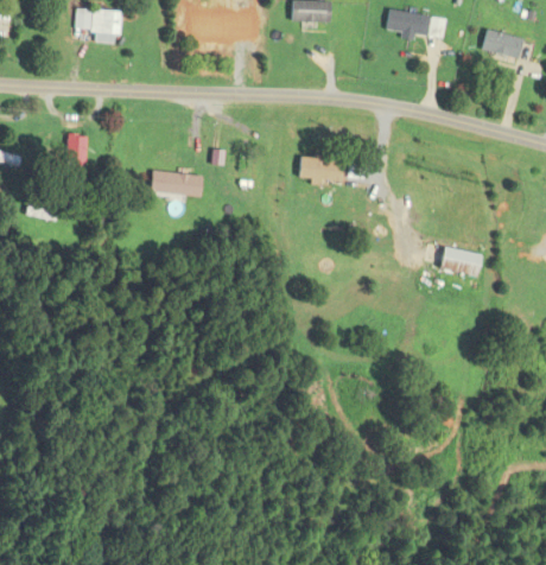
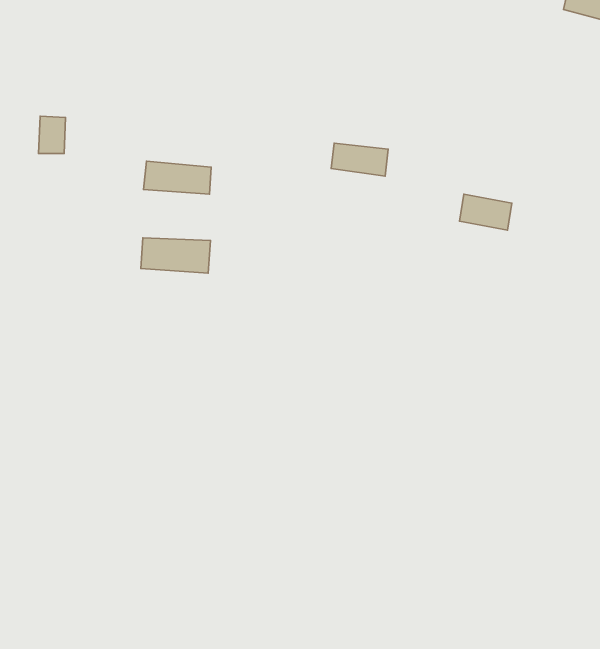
building: none -> [141,238,210,273]
building: [439,247,481,275] -> [459,194,512,230]

